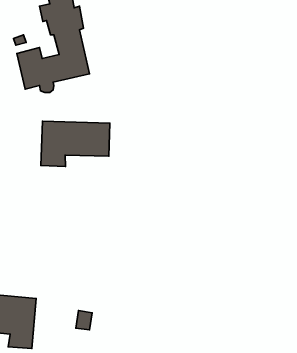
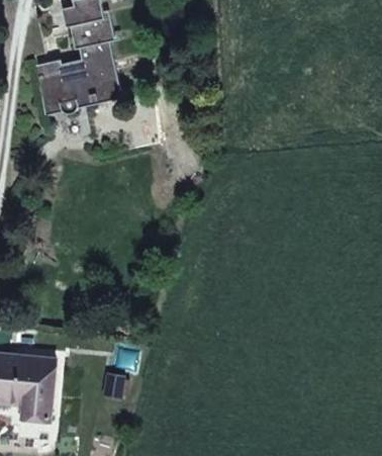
building: [41,121,110,166] -> none

